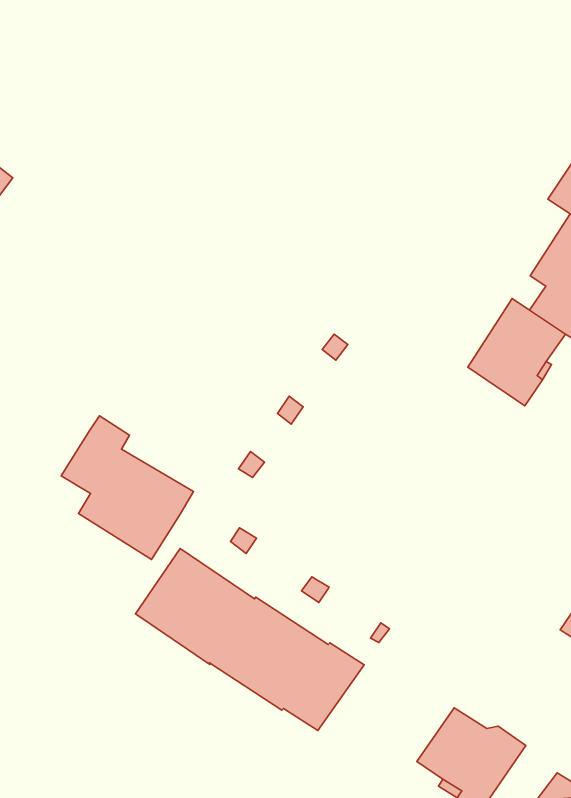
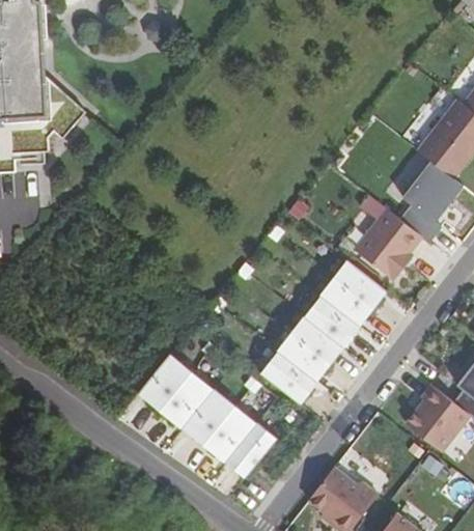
building: none -> [260,260,386,404]
building: [61,416,193,560] -> none

